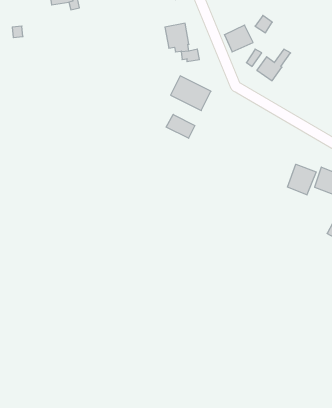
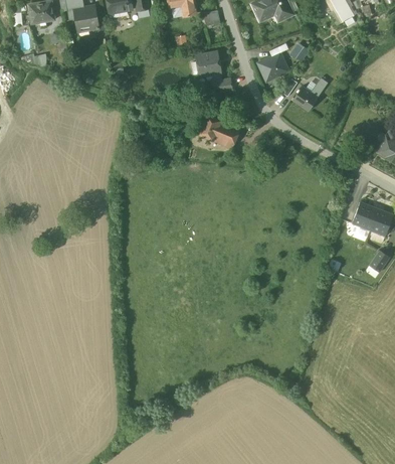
building: [166,114,195,138] -> none
building: [287,164,316,195] -> none

